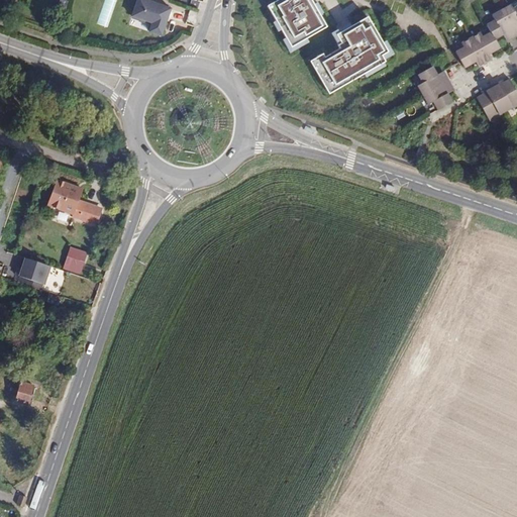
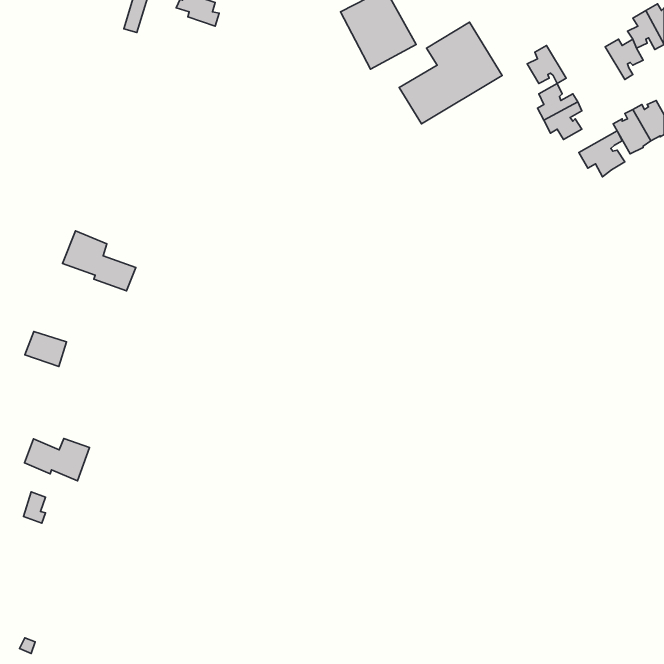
building: [453,36,484,66] -> [527,46,566,83]
building: none -> [579,131,625,177]
building: [63,244,89,272] -> none
building: none -> [24,438,90,481]

